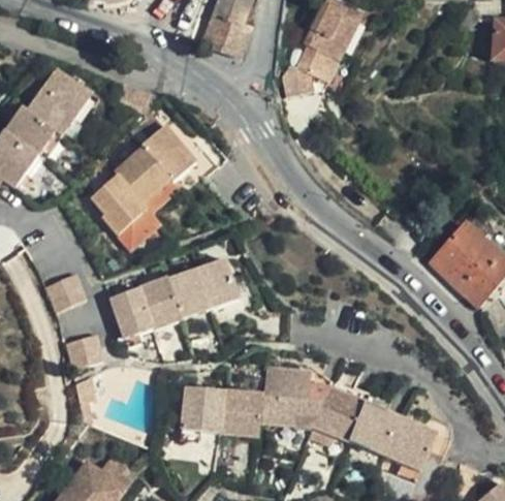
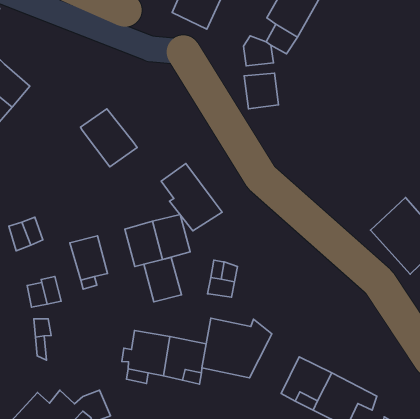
building: [28,71,93,136] -> none
building: none -> [244,73,279,109]
building: [137,127,194,184] -> none
building: [91,176,158,247] -> [161,163,222,231]
building: [139,278,182,326] -> [144,257,181,302]
building: [312,387,364,442] -> none

